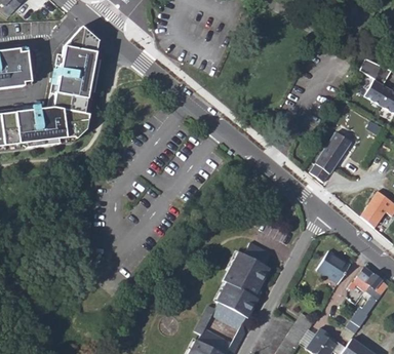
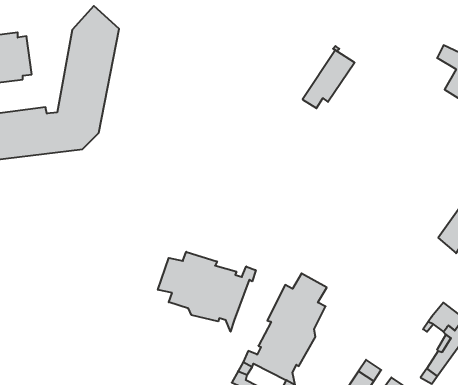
building: [310,127,352,178] -> [303,46,355,108]
building: none -> [158,252,256,332]
building: [317,249,351,283] -> none

